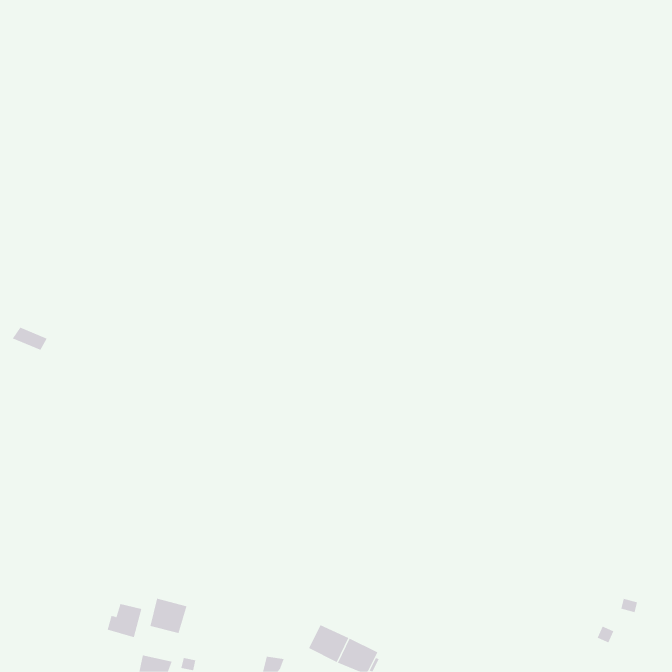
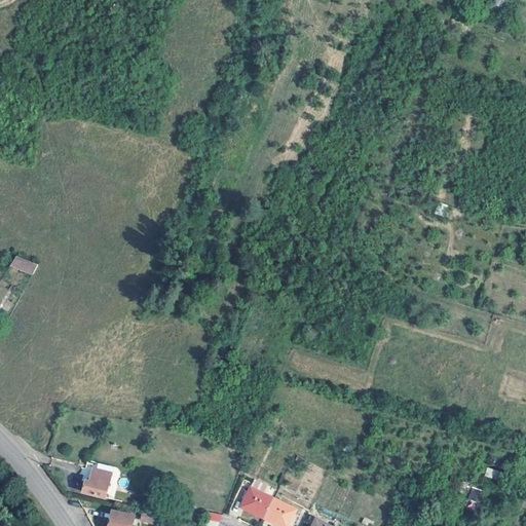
building: [150,598,187,634] -> none

